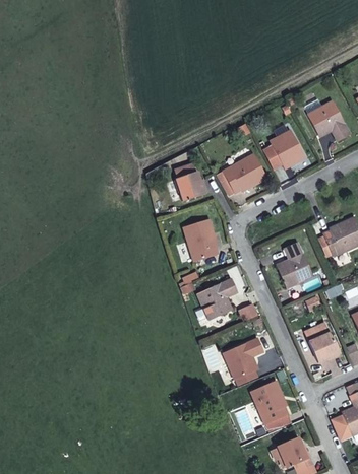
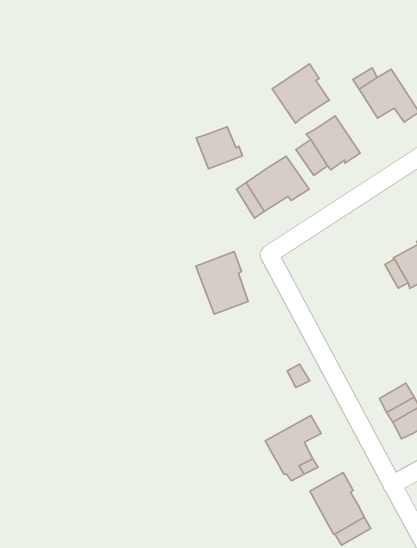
building: none -> [272,64,330,123]
building: [178,173,210,201] -> [196,127,243,169]
building: [277,243,311,287] -> none
building: [197,280,236,319] -> none

